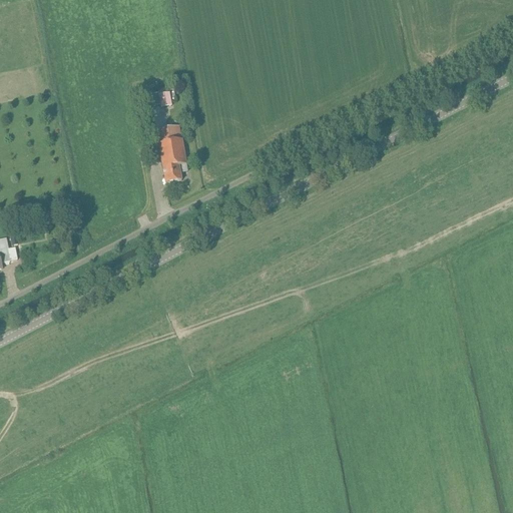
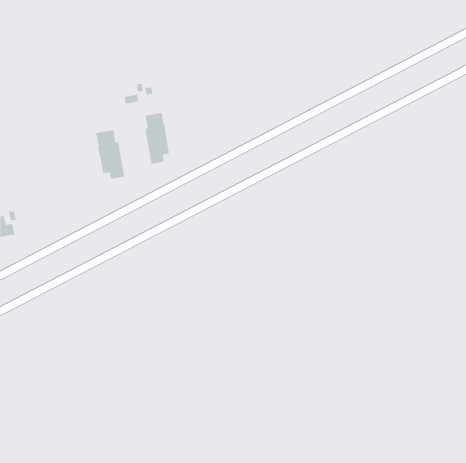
building: none -> [95,130,125,179]

